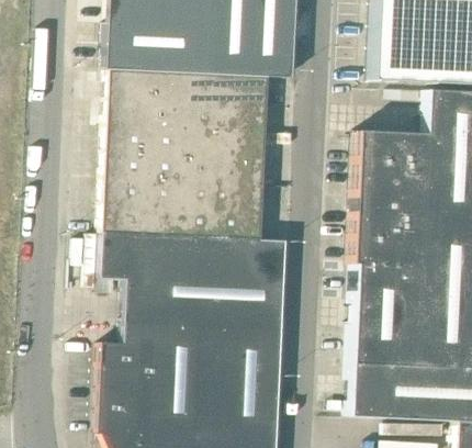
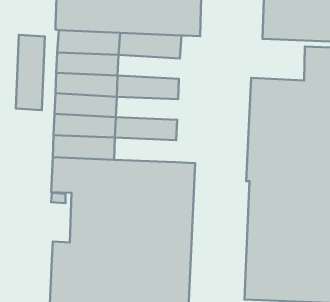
building: none -> [16,35,45,110]
building: [186,100,266,131] -> none
building: [183,154,263,183] -> none
building: [181,206,261,238] -> none

